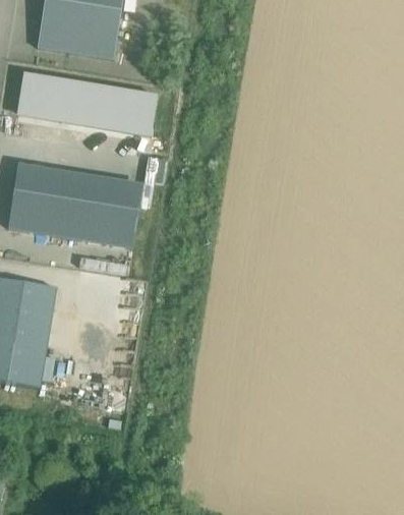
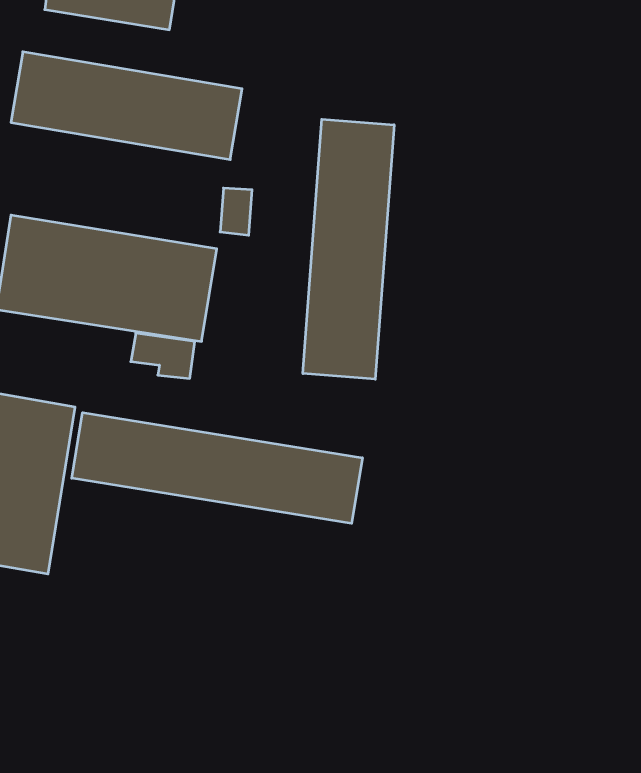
building: none -> [303,119,394,379]
building: none -> [72,413,362,523]

